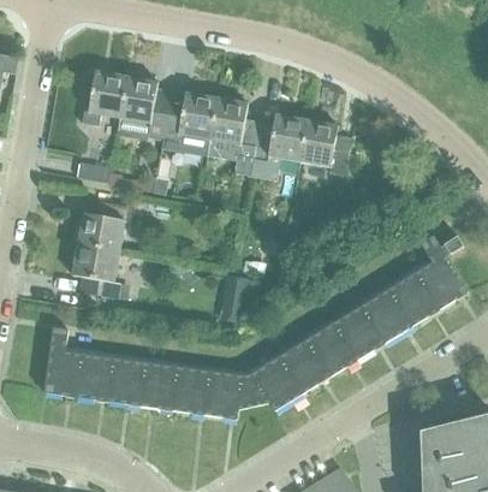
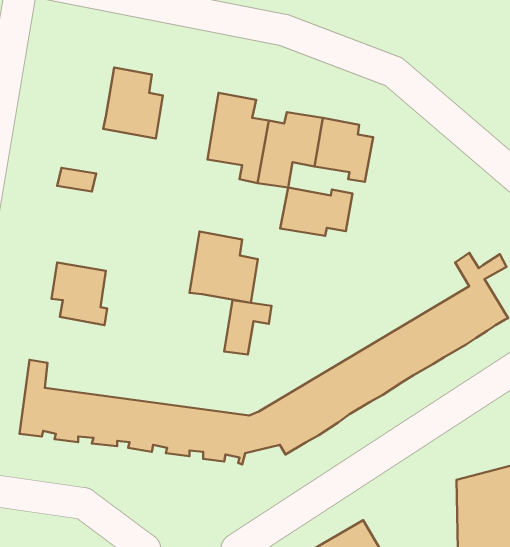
building: [82,71,126,125] -> none
building: [161,93,216,155] -> none
building: none -> [280,187,352,236]
building: [77,201,133,251] -> none
building: none -> [190,231,258,303]

